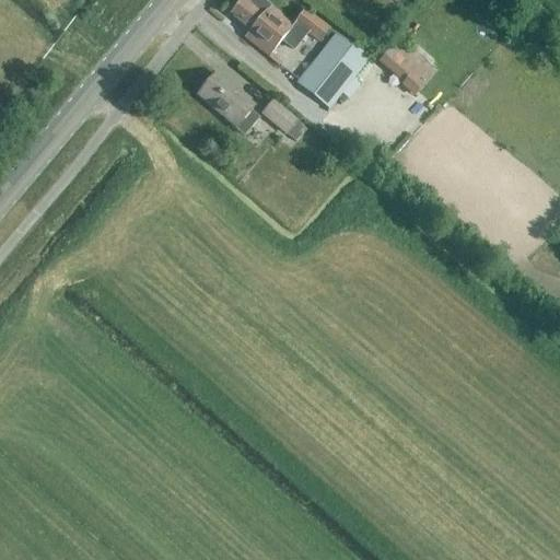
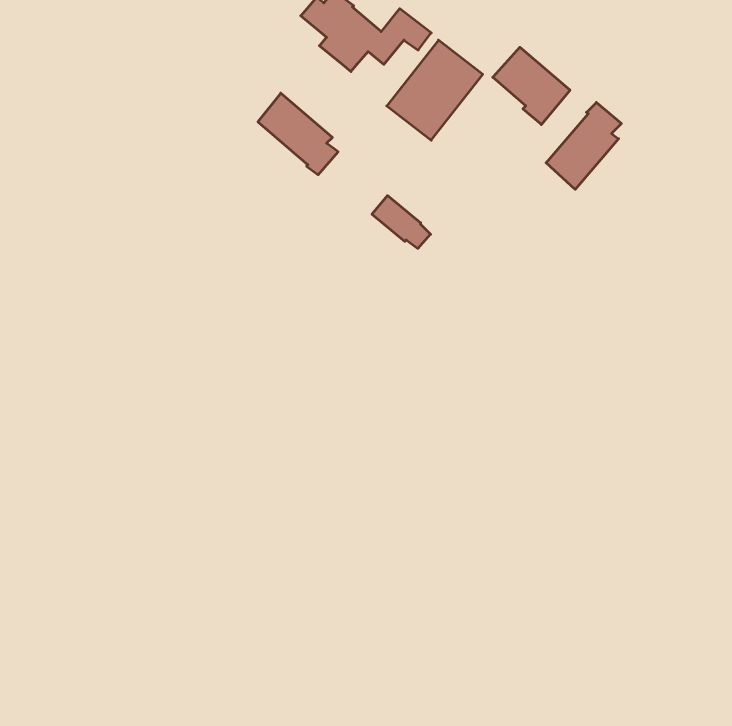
building: none -> [546,102,621,189]
building: [260,97,305,138] -> [372,196,431,248]

